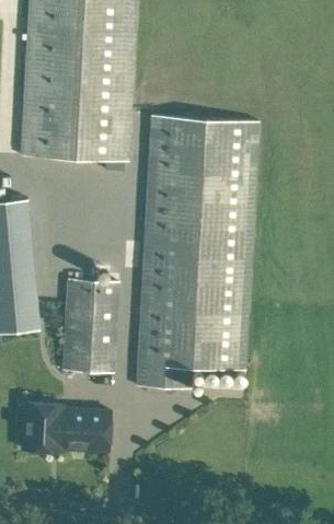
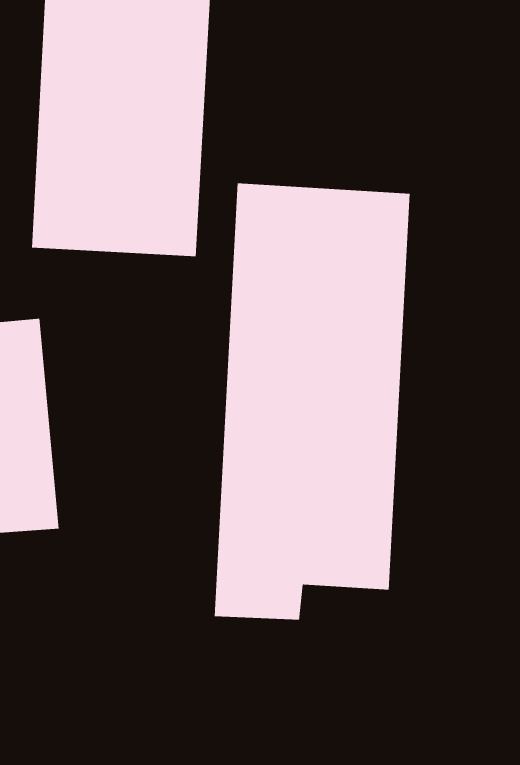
building: [64,280,119,373] -> none
building: [20,404,112,451] -> none

